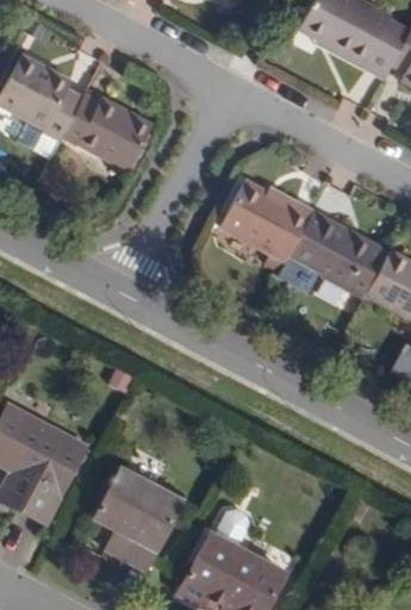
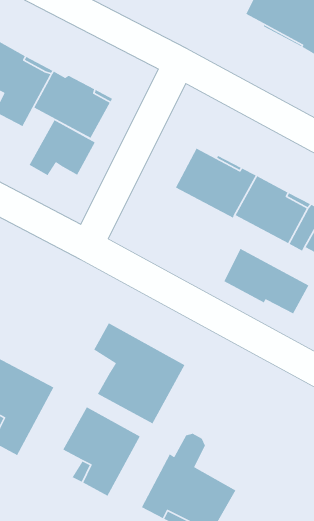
building: none -> [28,119,96,176]
building: none -> [223,248,309,315]
building: none -> [93,322,186,424]

